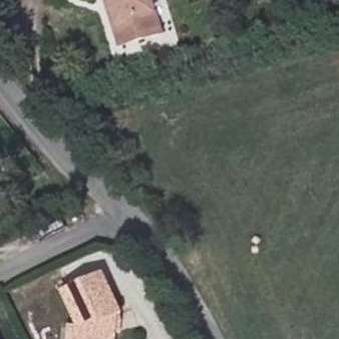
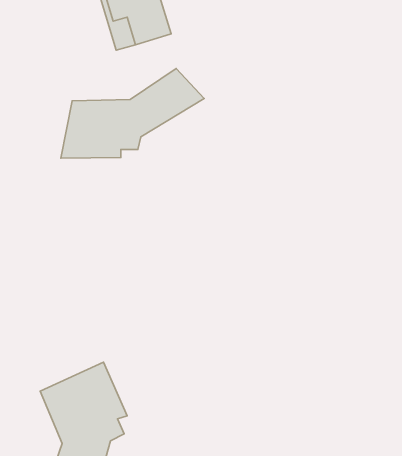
building: none -> [61,69,204,158]

